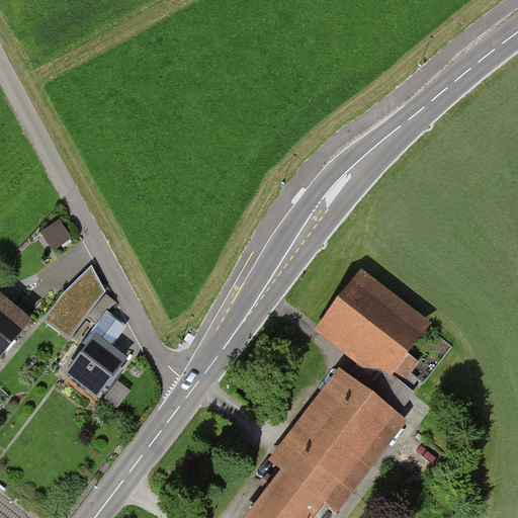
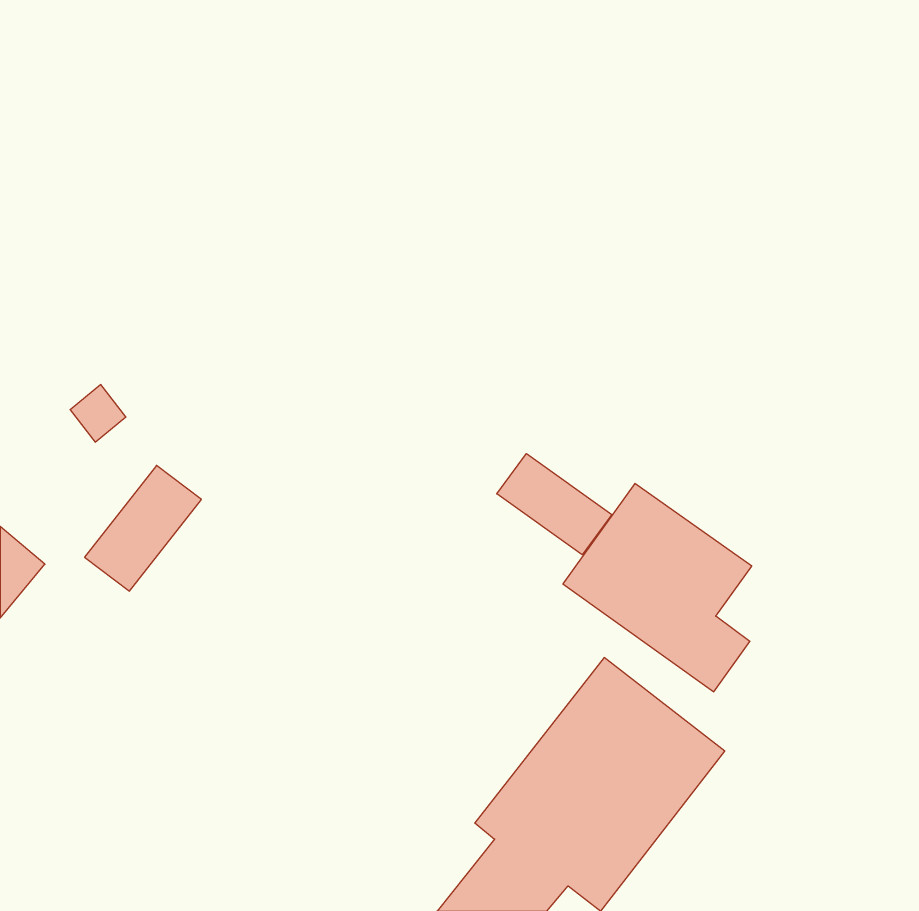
building: none -> [497,454,612,555]
building: [61,314,127,399] -> none

